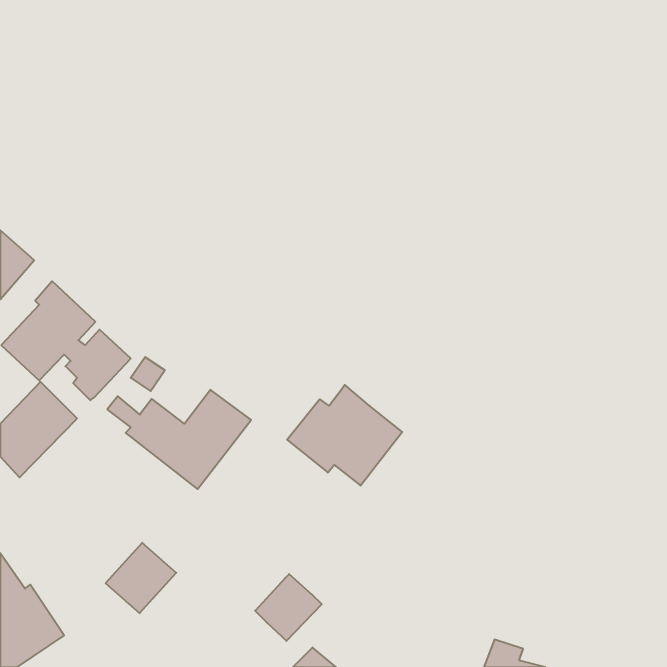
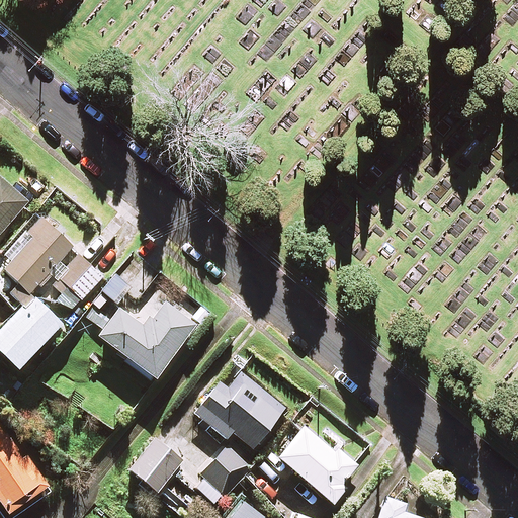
building: [287,385,402,486] -> [195,370,284,448]
building: [106,543,176,613] -> [130,437,184,492]
building: none -> [276,424,354,503]

